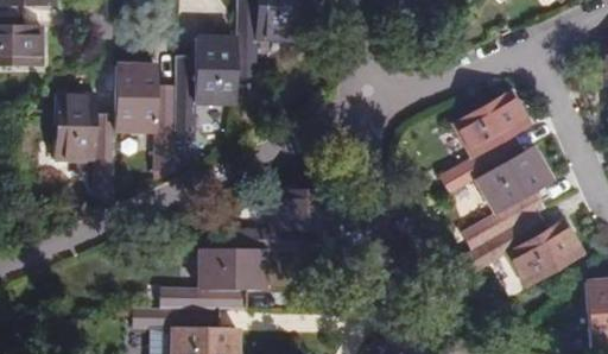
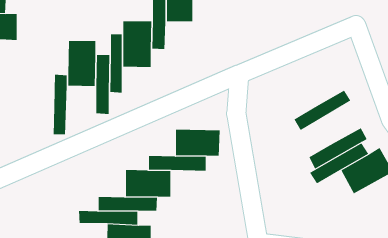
building: [456,90,531,158] -> none
building: [55,94,96,159] -> none
building: [477,146,553,213] -> none

